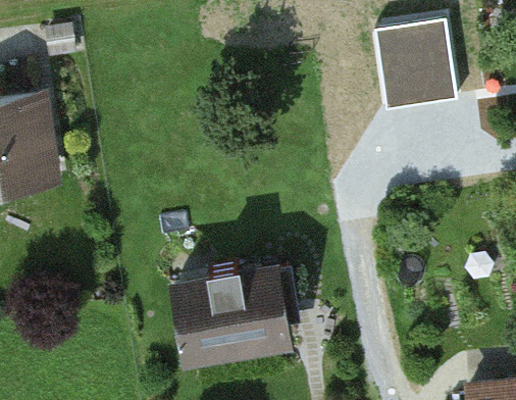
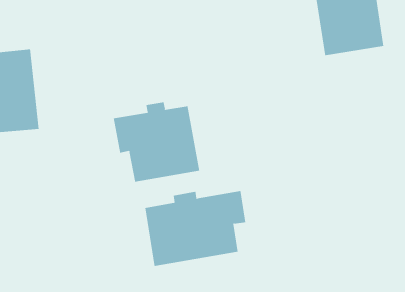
building: none -> [113,102,200,182]

